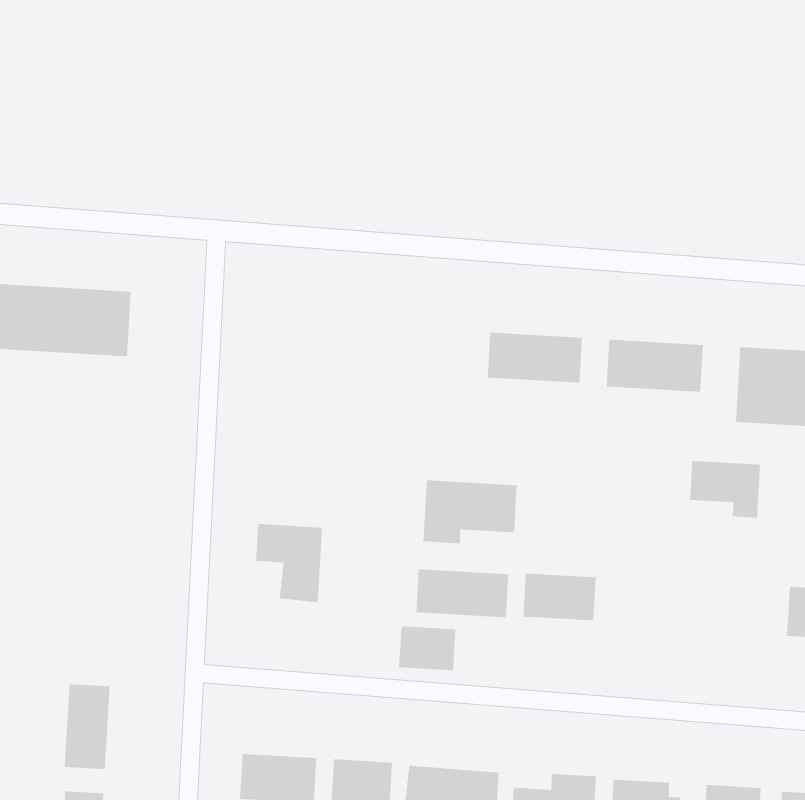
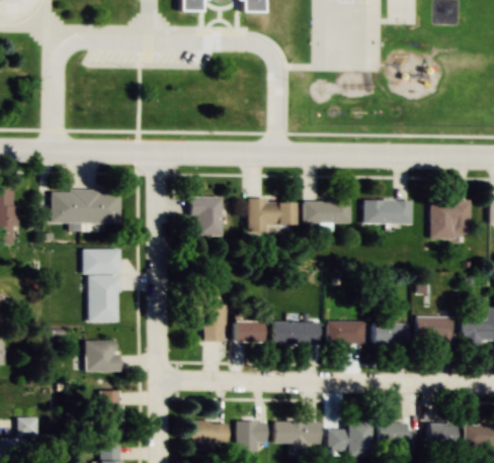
building: none -> [189,196,222,236]
building: none -> [83,249,118,321]
building: [689,460,761,518] -> [417,316,452,344]
building: [423,480,518,544] -> [248,199,295,230]
building: none -> [373,322,408,344]
building: none -> [85,340,117,371]
building: [398,626,456,671] -> [234,320,262,342]

